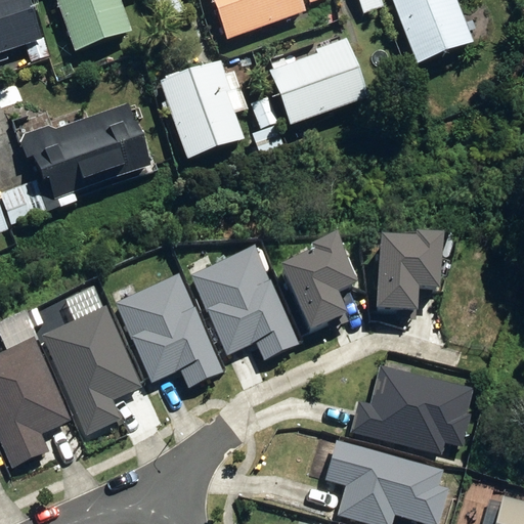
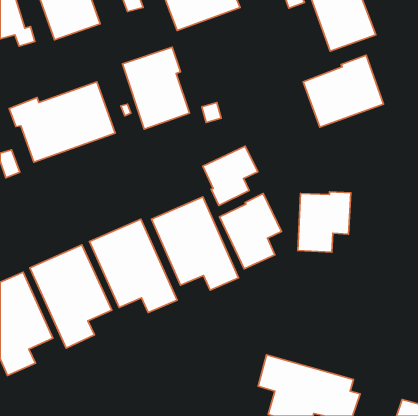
building: [266,37,365,126] -> [303,55,383,127]
building: none -> [203,146,258,206]
building: [353,363,474,452] -> none

